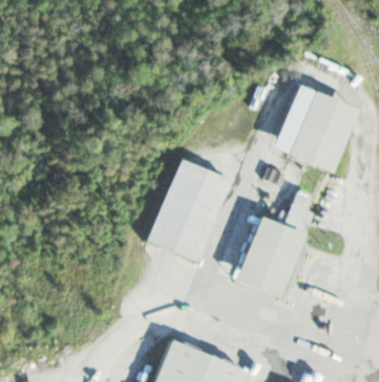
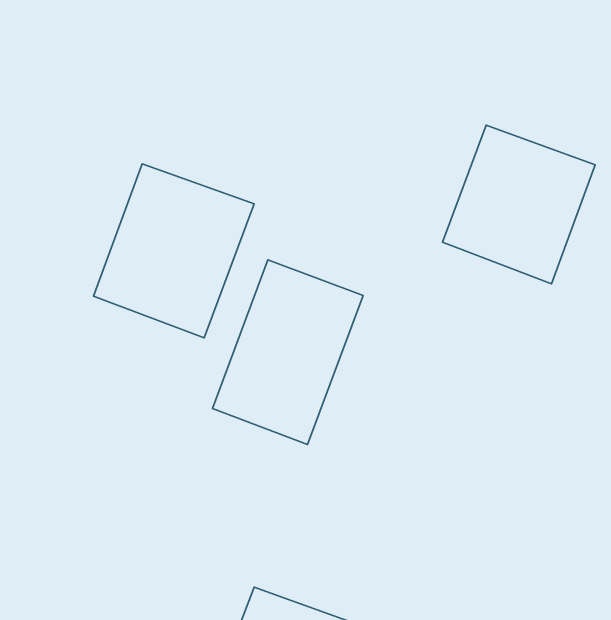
building: none -> [94,164,254,338]
building: [235,191,315,299] -> none

